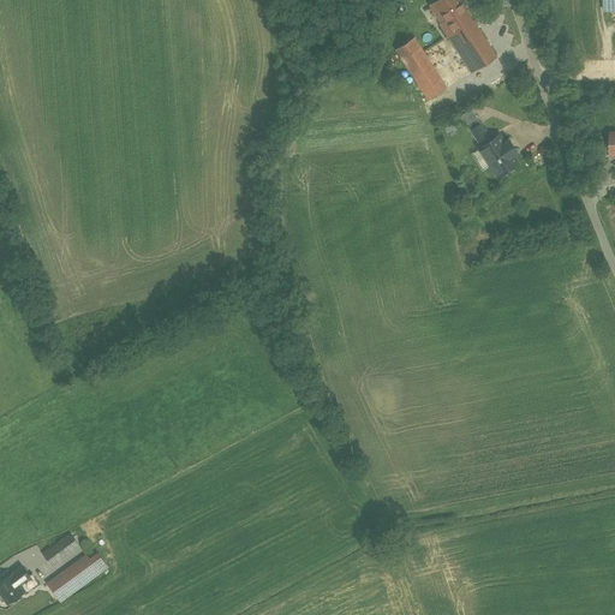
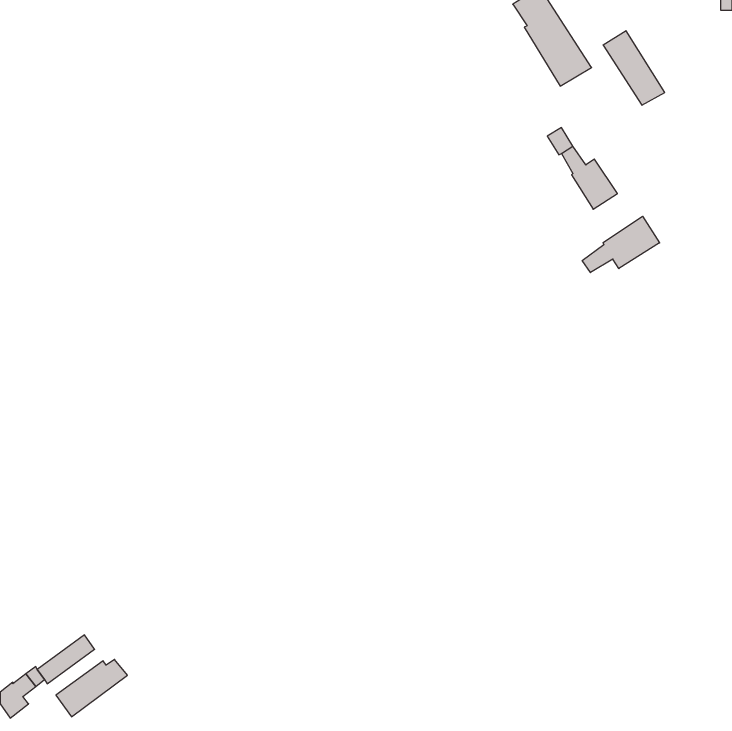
building: [395,36,447,98] -> [603,31,665,105]
building: none -> [582,216,660,273]

